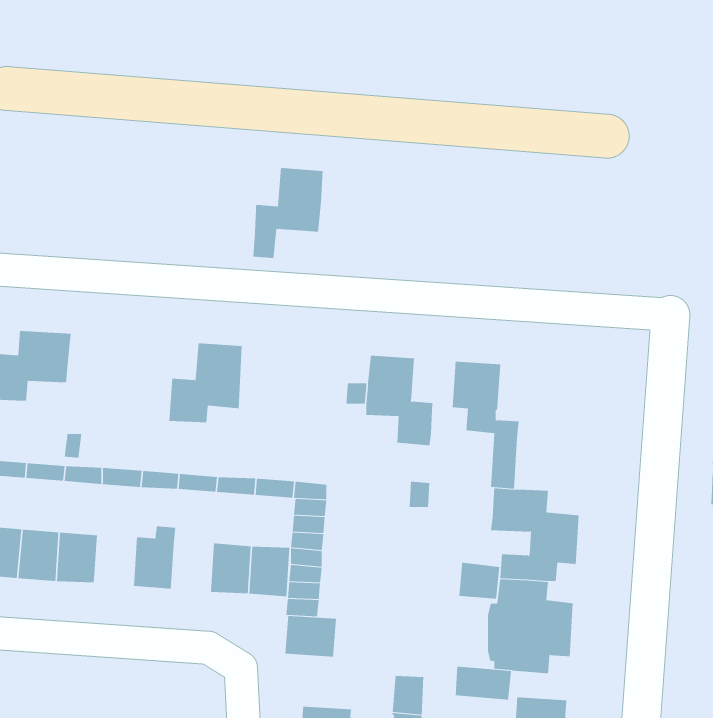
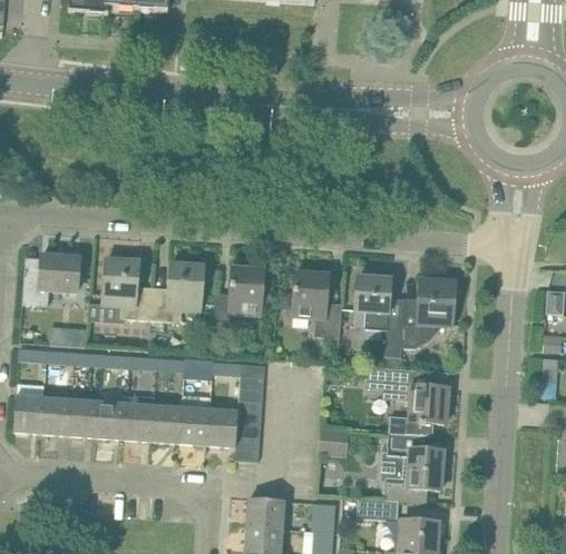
building: [253,168,323,258] -> [213,267,264,333]
building: none -> [104,258,153,319]
building: none -> [402,280,456,347]
building: none -> [97,402,127,438]
building: none -> [153,405,183,443]
building: [458,562,500,599] -> [319,428,349,455]
building: [284,615,337,657] -> [247,497,285,527]

